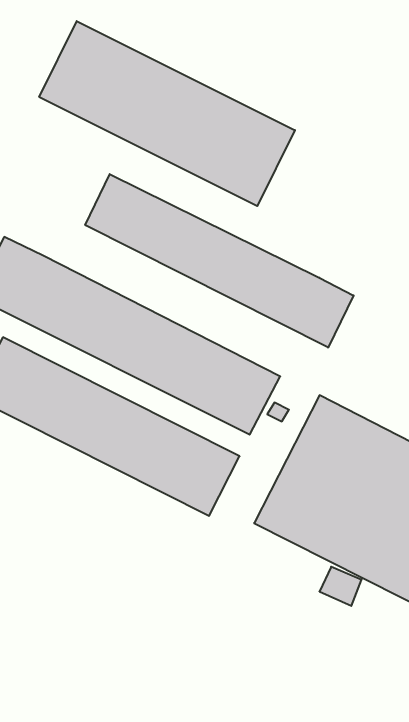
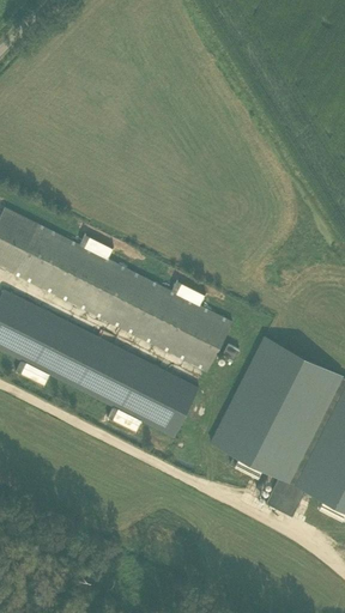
building: [39,21,295,206] -> none
building: [85,174,354,348] -> none

